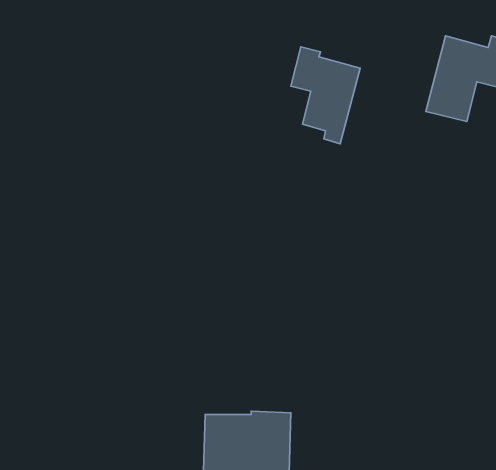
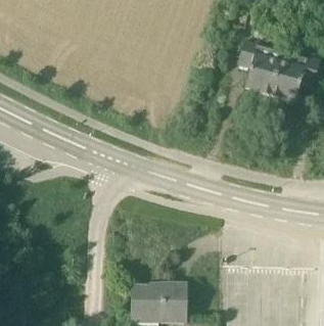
building: [291,47,360,144] -> [238,38,281,98]

